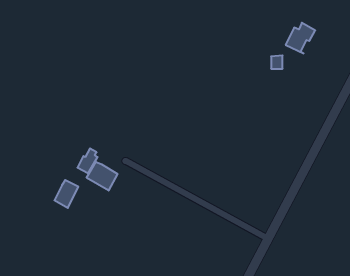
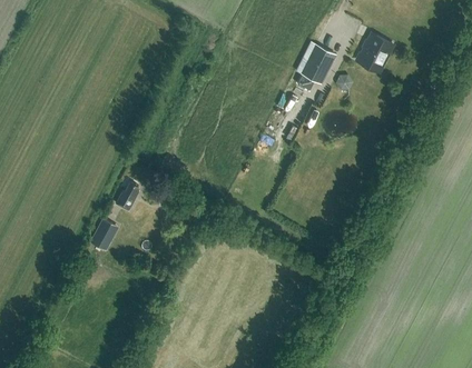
building: none -> [297,46,335,90]
building: [87,162,117,191] -> none

